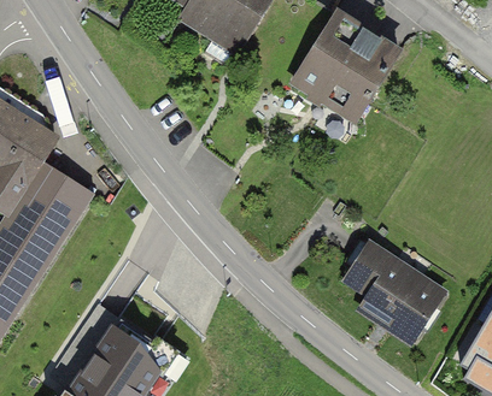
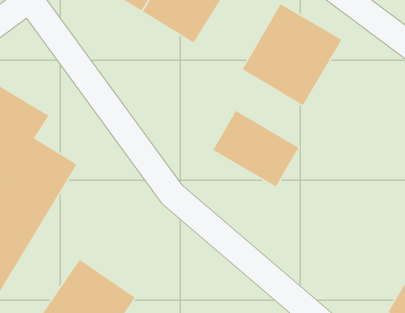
building: none -> [212,110,300,187]
building: [344,243,441,341] -> none

